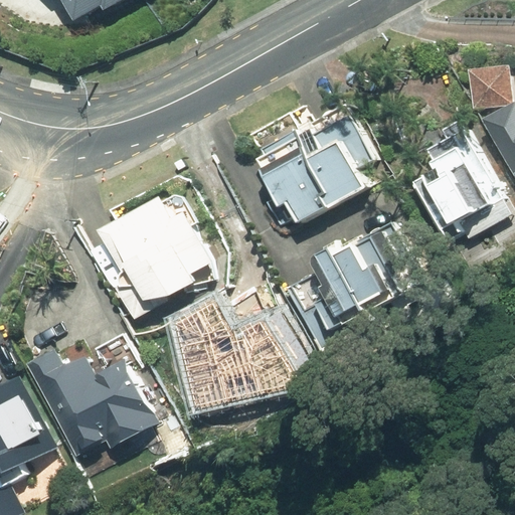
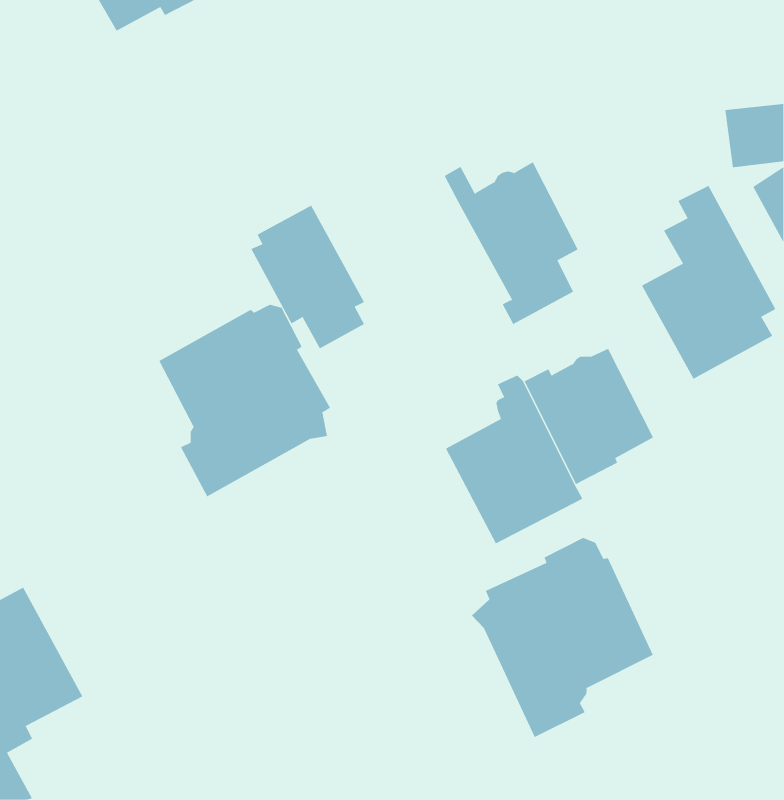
building: [254,130,328,222] -> [250,205,365,349]
building: [175,294,310,404] -> none
building: [24,336,155,456] -> none
building: none -> [471,537,654,738]

